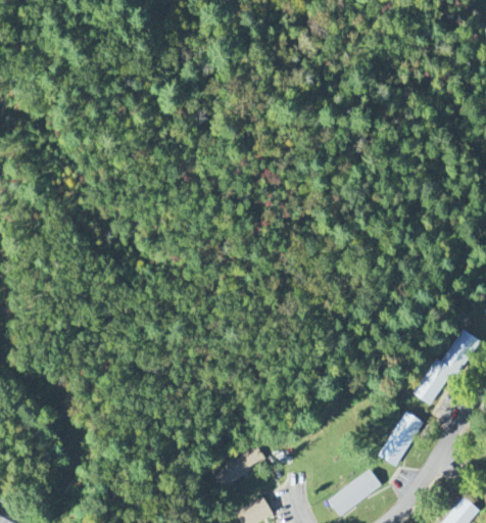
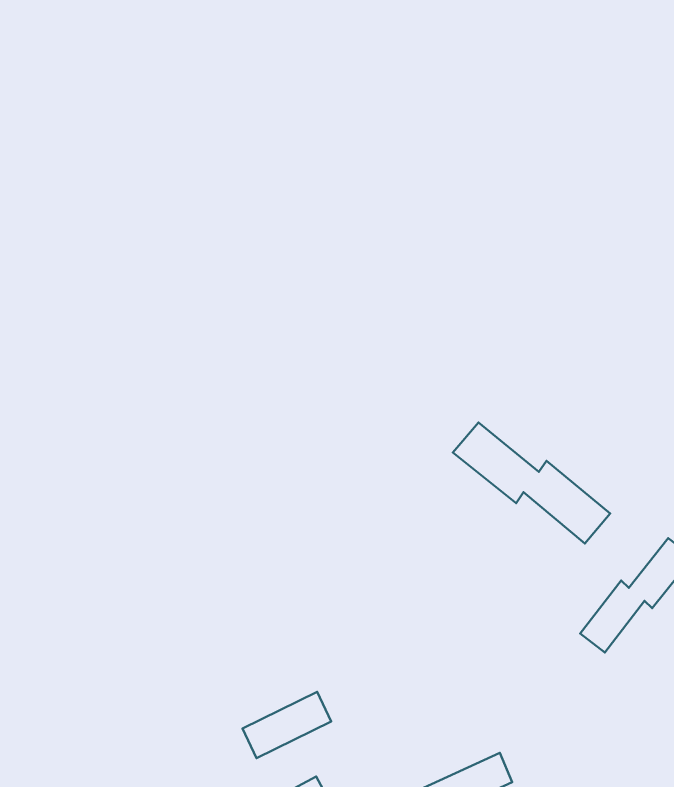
building: none -> [453,423,610,543]
building: [380,412,420,467] -> none

